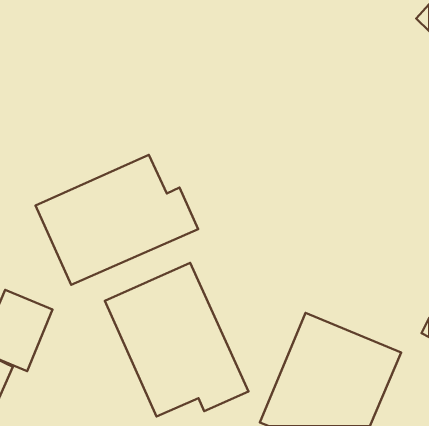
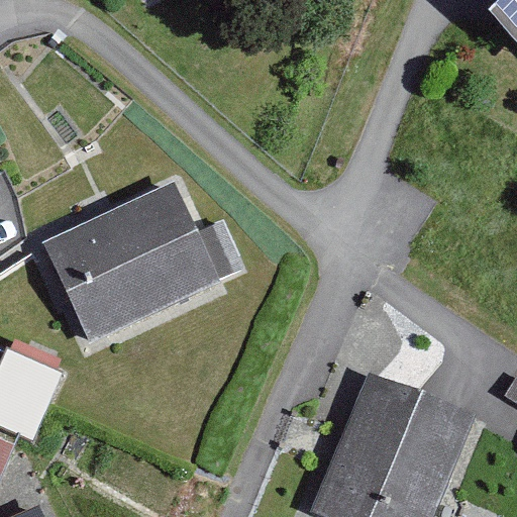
building: [105,263,249,417] -> none

